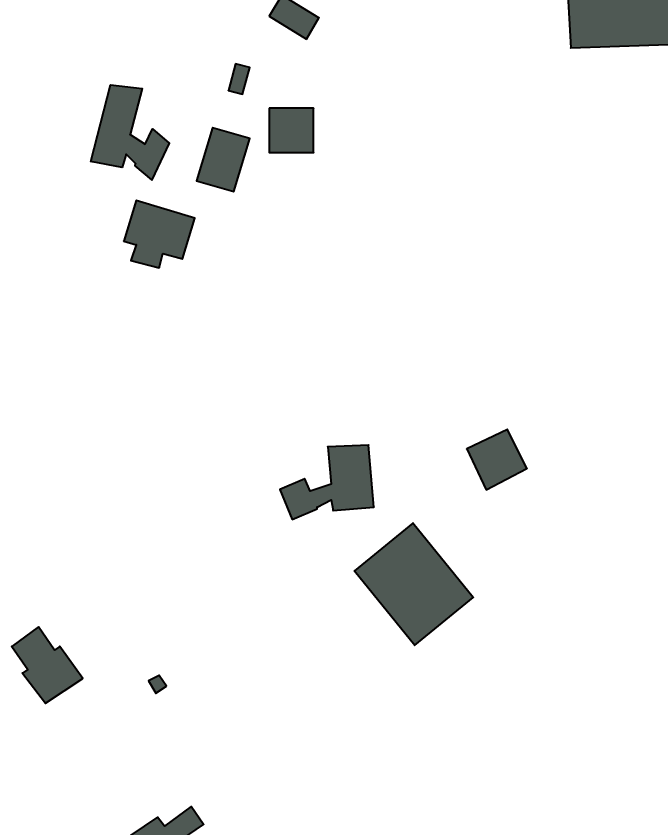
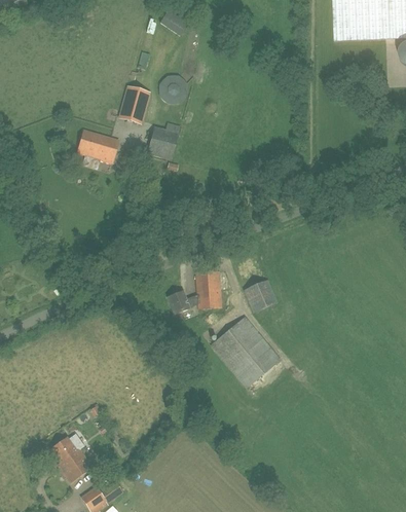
building: [91,85,169,180] -> none
building: none -> [146,124,179,159]
building: [467,429,527,490] -> [245,278,280,313]
building: [12,627,83,703] -> [51,437,93,481]

